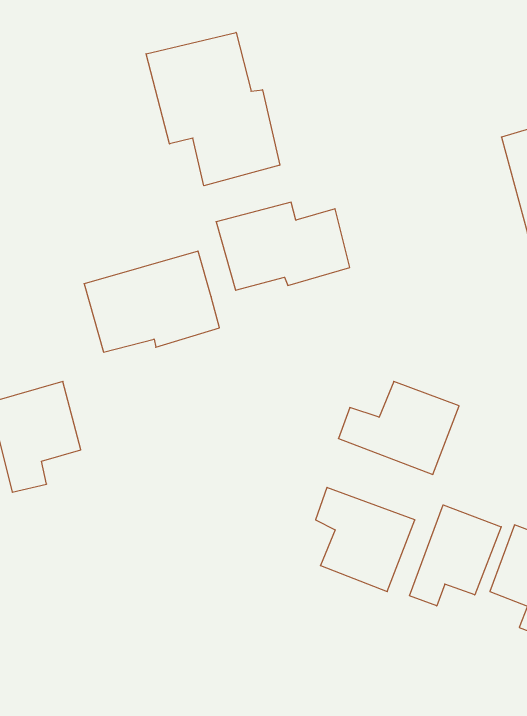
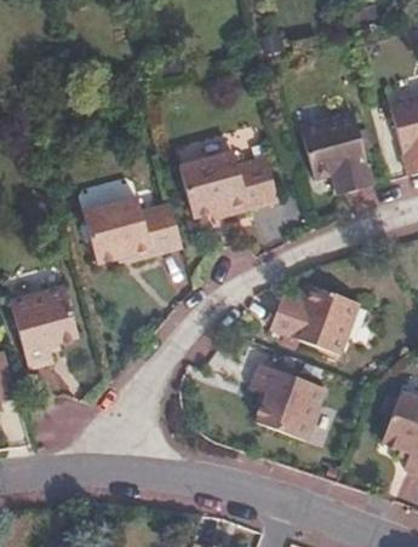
building: [146,32,280,186] -> none
building: none -> [300,113,374,192]
building: [410,505,501,606] -> none

